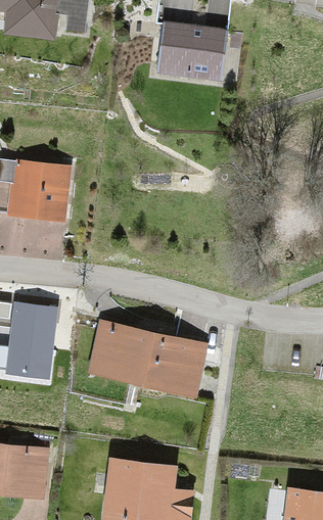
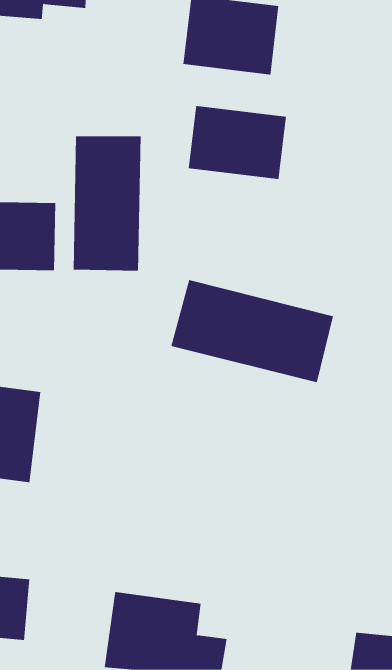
building: none -> [188,105,286,180]
building: none -> [73,136,141,271]
building: [86,323,209,400] -> [171,280,334,383]

